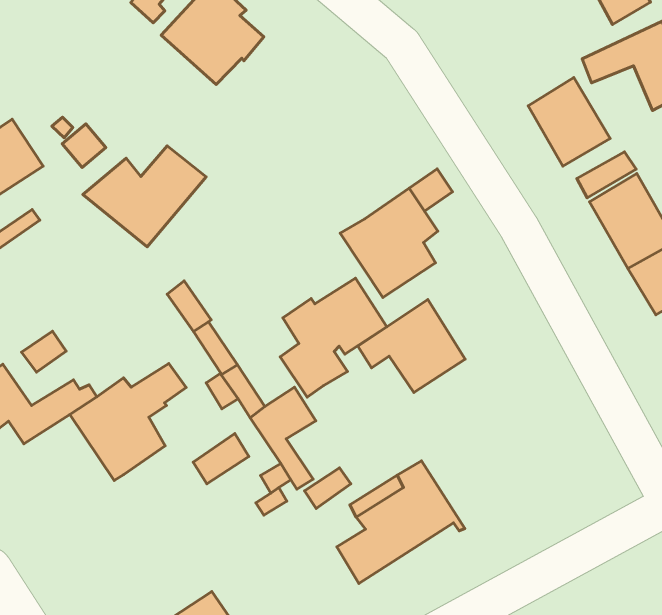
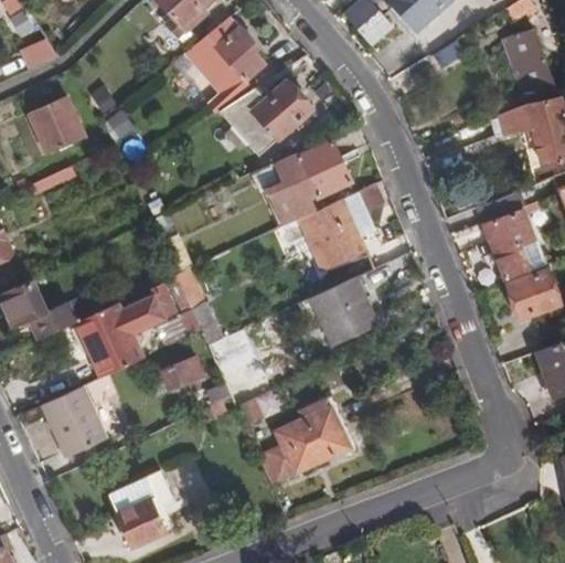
building: [528,77,610,166] -> none
building: [83,146,206,247] -> [220,84,313,157]
building: [280,278,387,397] -> [268,144,351,226]
building: none -> [44,374,121,456]

